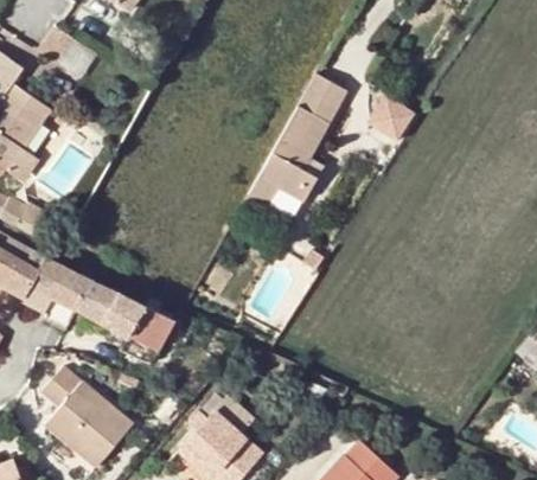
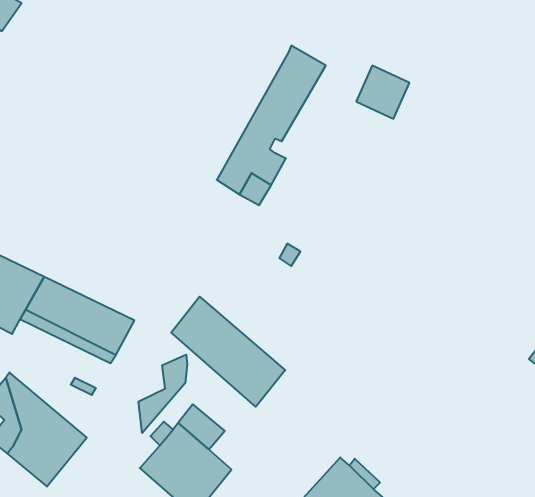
building: none -> [171,297,285,407]
building: none -> [139,355,187,433]

